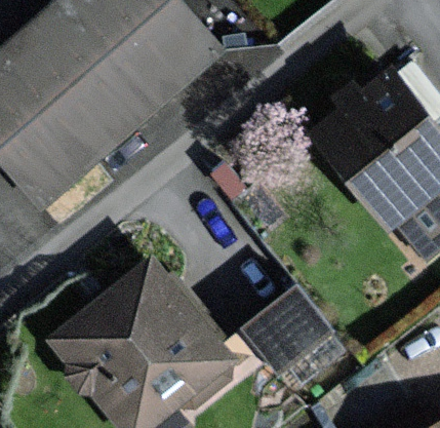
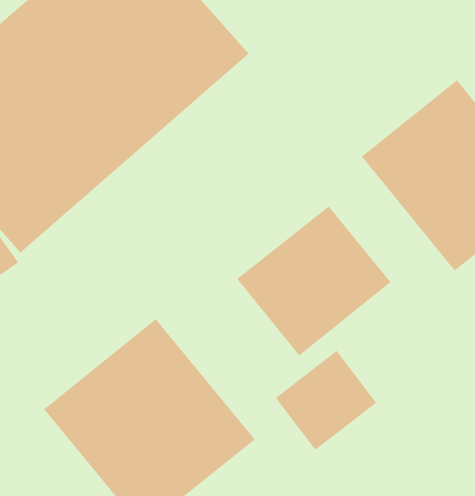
building: none -> [236,206,392,357]

